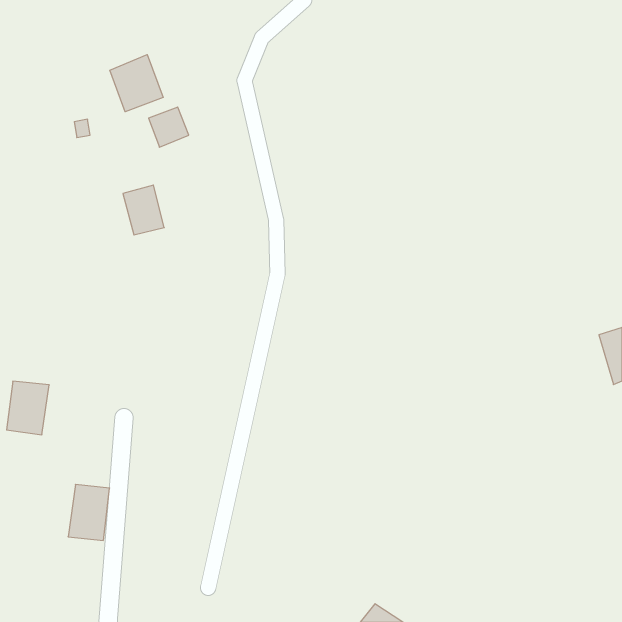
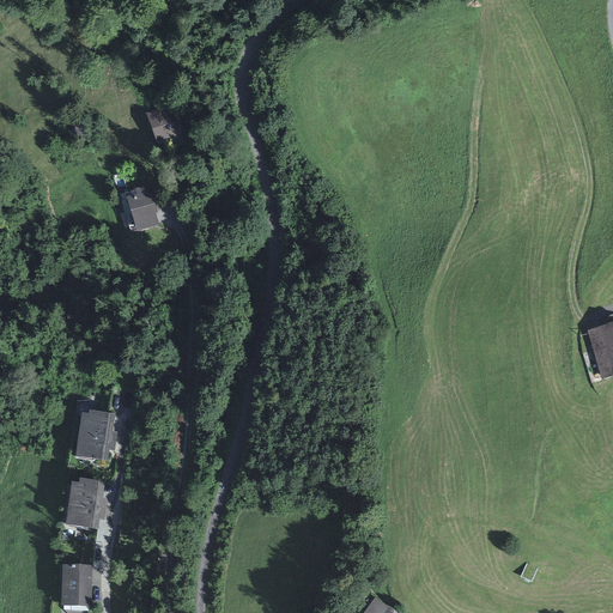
building: [110,55,163,112] -> none
building: [7,381,49,435] -> [75,408,117,461]
building: none -> [62,563,91,605]

